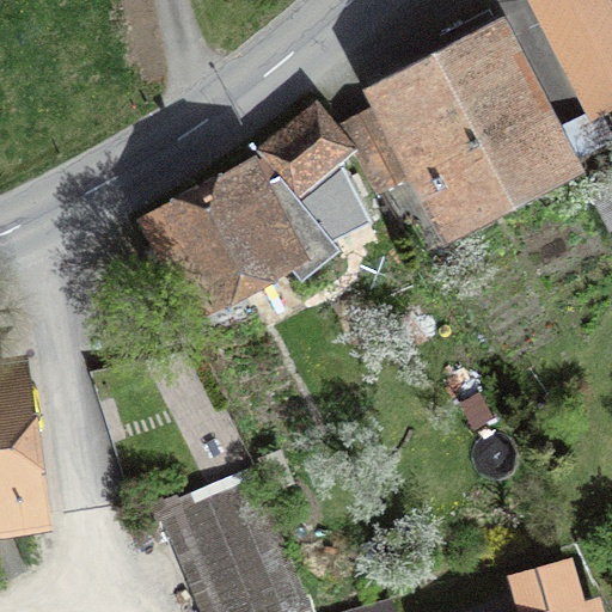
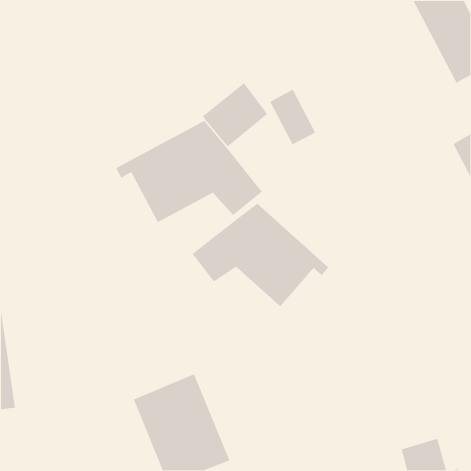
building: [391,27,569,226] -> none
building: none -> [192,203,329,307]

